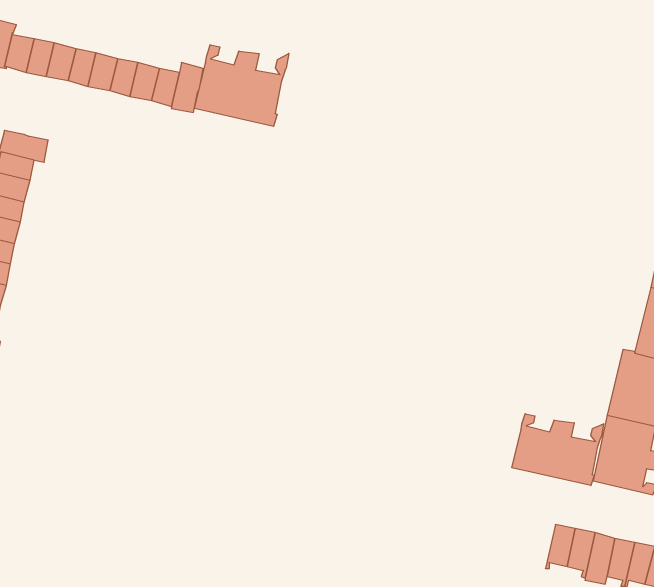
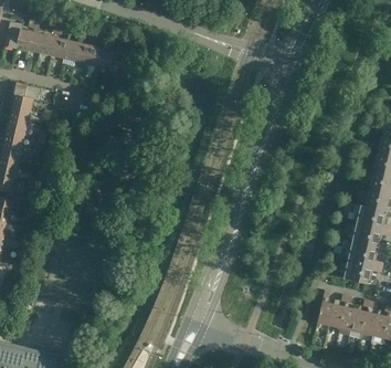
building: [194,45,289,126] -> none
building: [512,414,604,486] -> none

